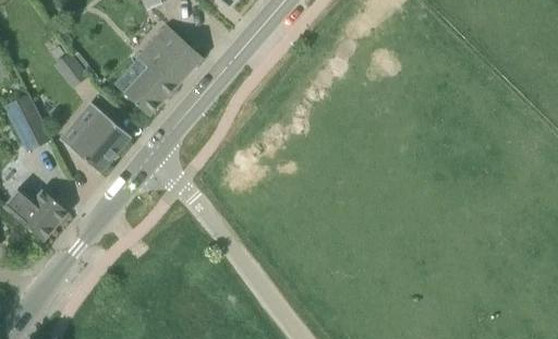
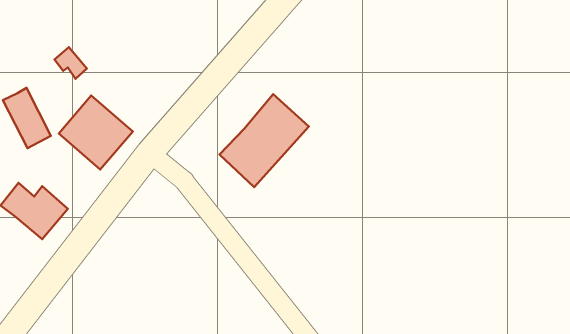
building: [114,24,202,114] -> [219,94,309,187]

